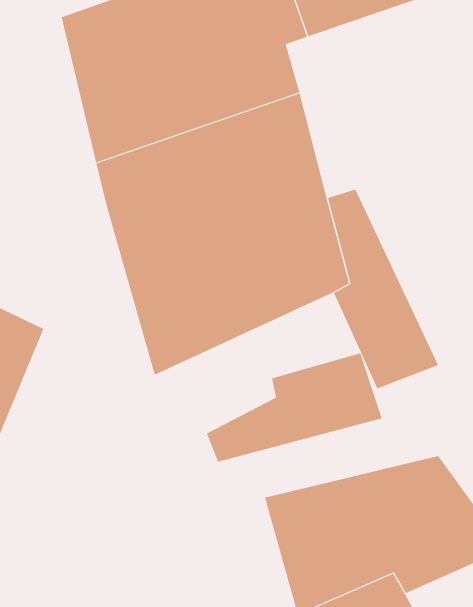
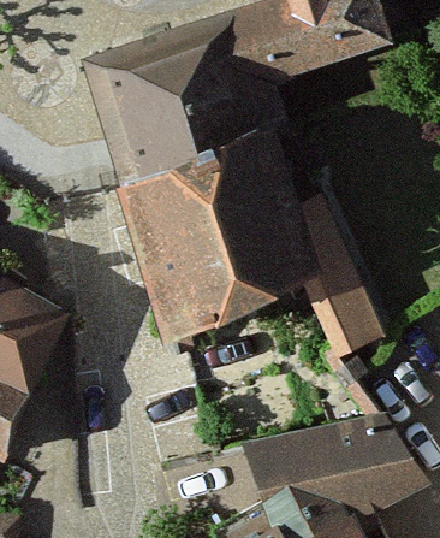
building: [206,353,382,462] -> none

